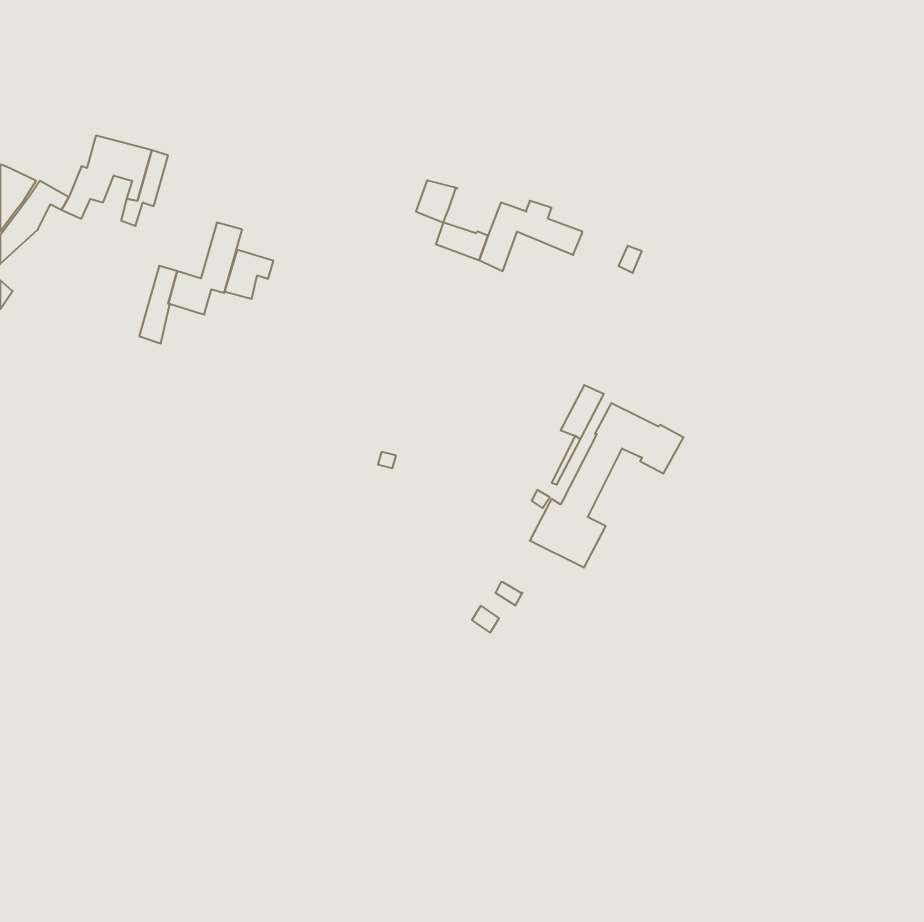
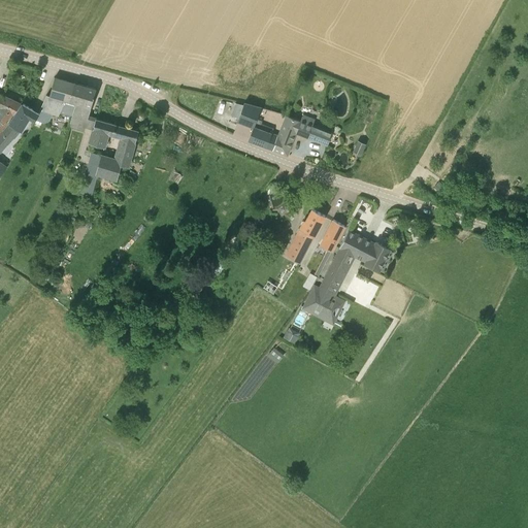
building: [225,250,273,299] -> [89,120,117,147]
building: none -> [285,209,325,264]

